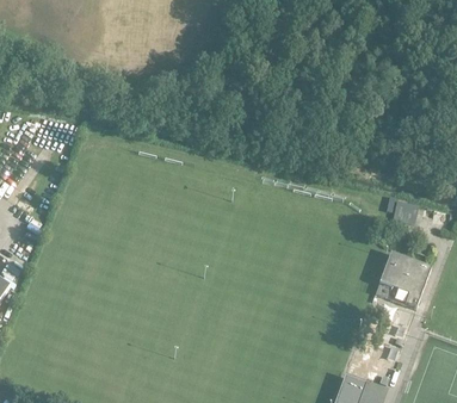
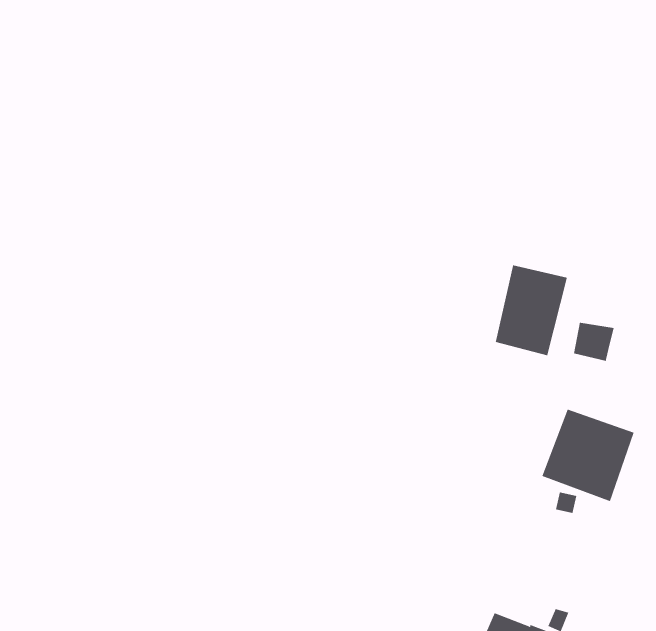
building: none -> [495,264,568,356]

